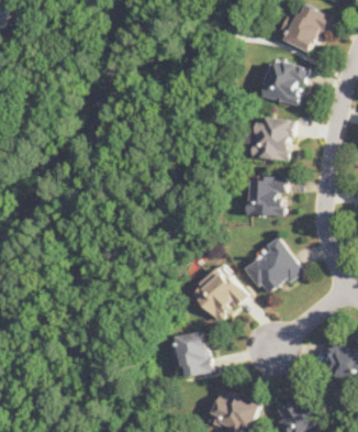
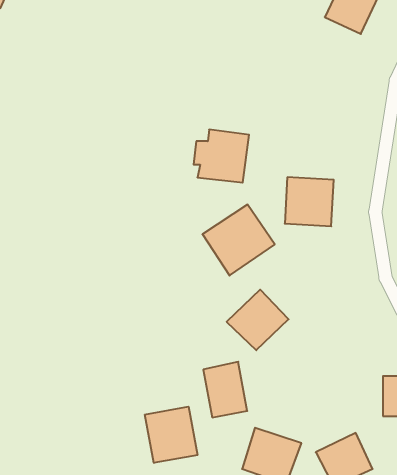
building: [260,57,309,107] -> none
building: [247,117,294,162] -> [194,130,249,183]
building: [242,239,303,299] -> [202,205,275,276]
building: none -> [145,407,197,463]

